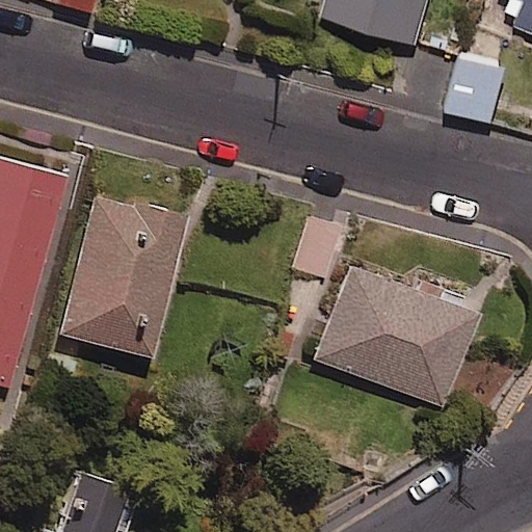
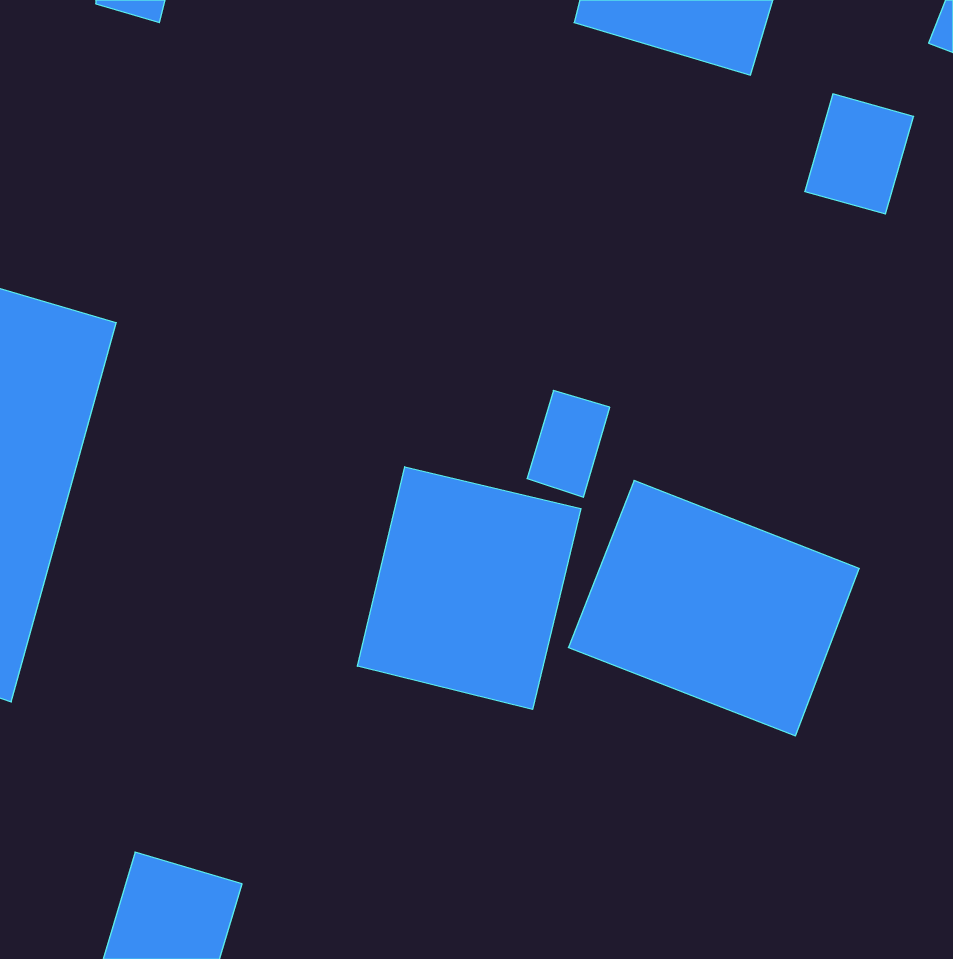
building: [59,196,184,356] -> none
building: none -> [357,467,581,709]

